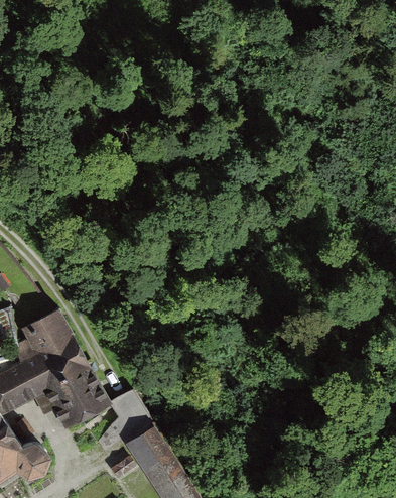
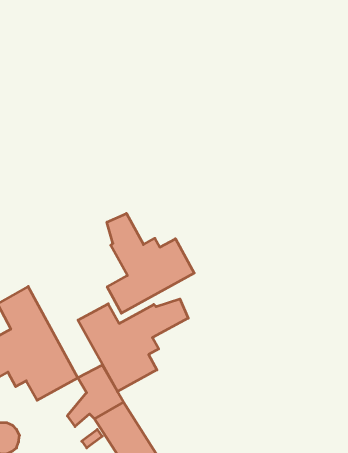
building: none -> [107,213,194,313]
building: none -> [78,299,188,392]

